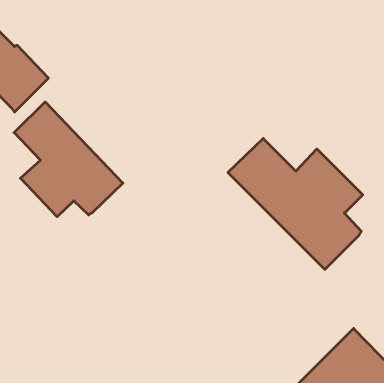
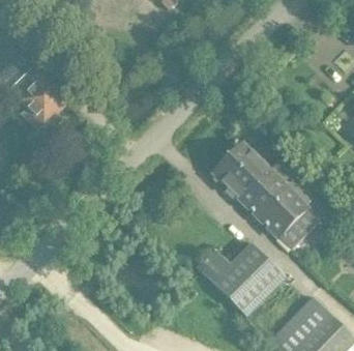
building: [14,102,123,217] -> none
building: none -> [197,243,285,316]

